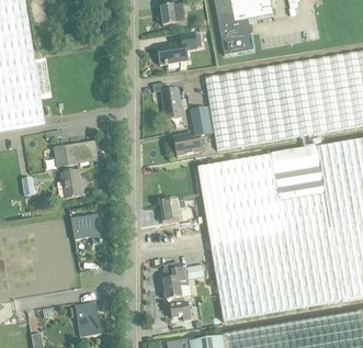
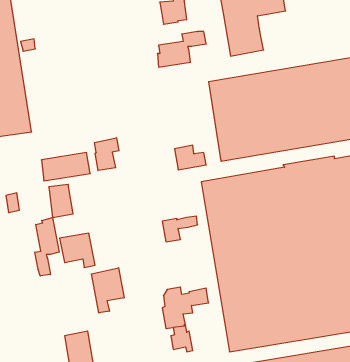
building: [160,87,186,119] -> none
building: [190,105,213,137] -> none
building: none -> [94,138,119,171]
building: none -> [35,217,59,276]
building: none -> [91,268,124,313]

